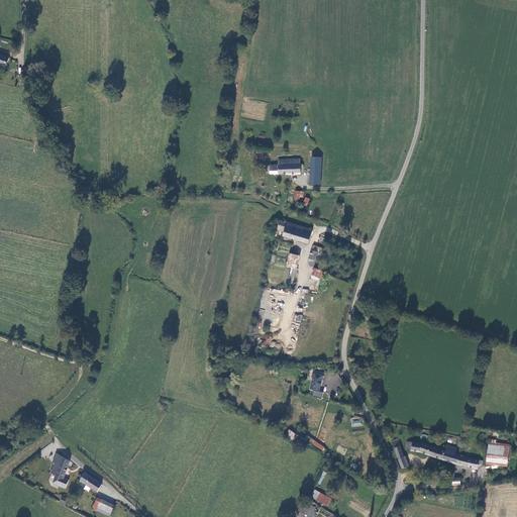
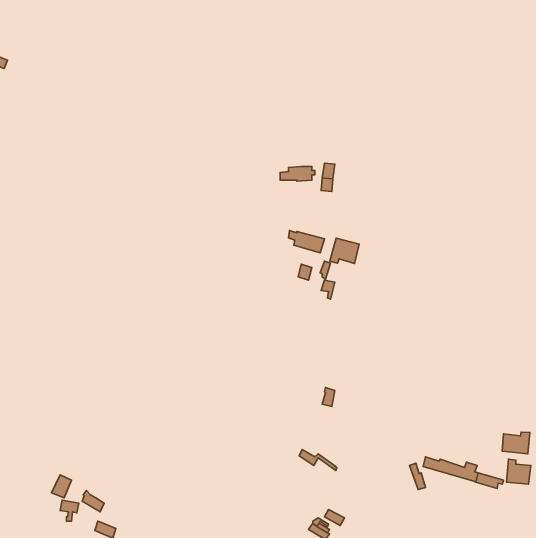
building: none -> [330,238,359,263]
building: none -> [502,432,530,454]

